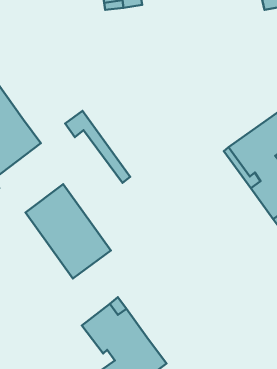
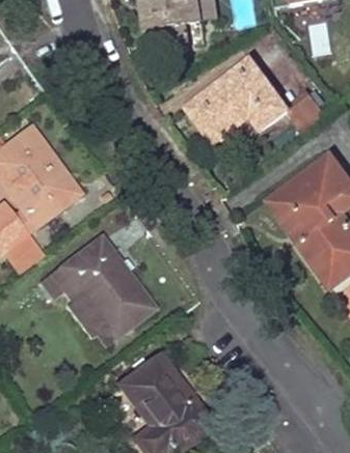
building: none -> [190,60,288,143]
building: [65,111,130,183] -> [42,266,111,343]

